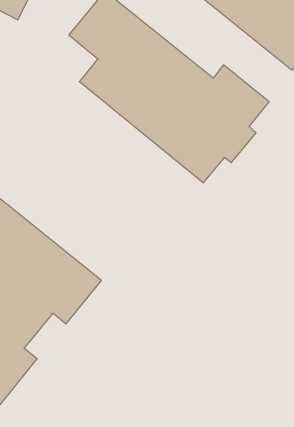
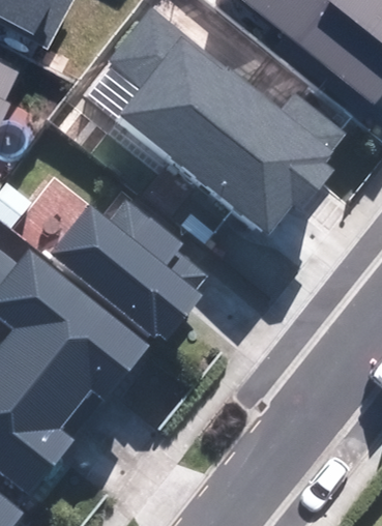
building: none -> [49,198,212,344]

